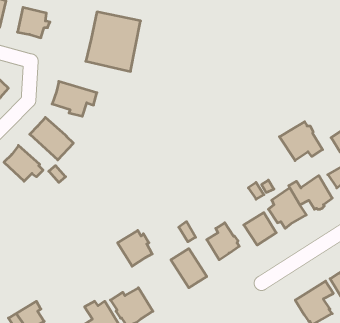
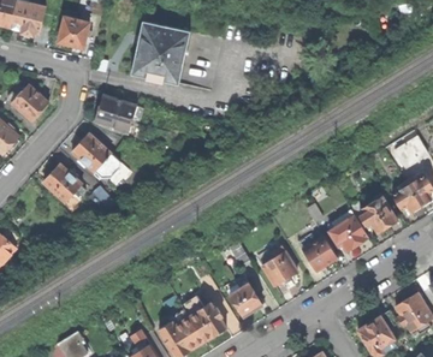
building: [279,122,323,161] -> none
building: [118,230,152,266] -> [188,303,225,341]

